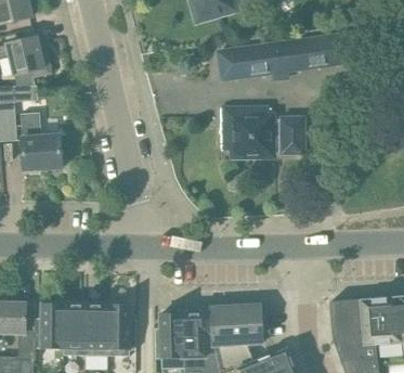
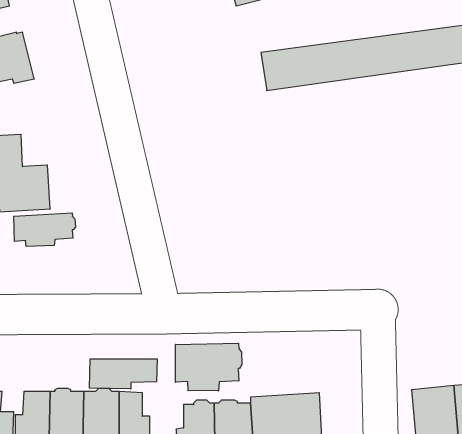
building: [220,107,304,154] -> none
building: none -> [14,213,75,246]
building: none -> [176,343,242,391]
building: none -> [89,359,157,389]

